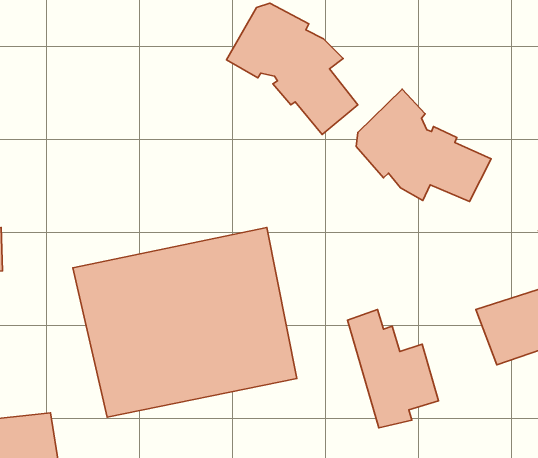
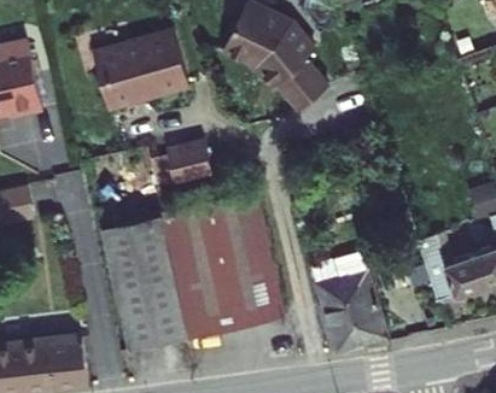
building: none -> [92,35,189,115]
building: [356,89,491,202] -> none
building: none -> [167,143,212,187]

